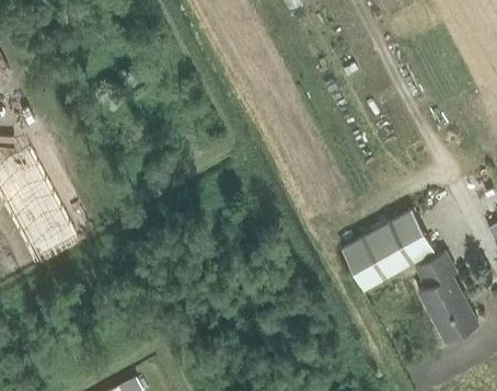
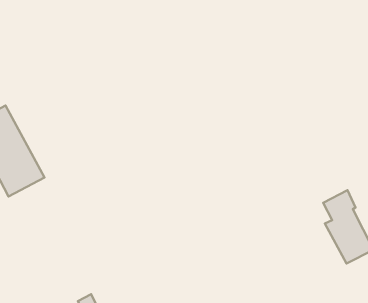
building: [342,210,435,291] -> none

